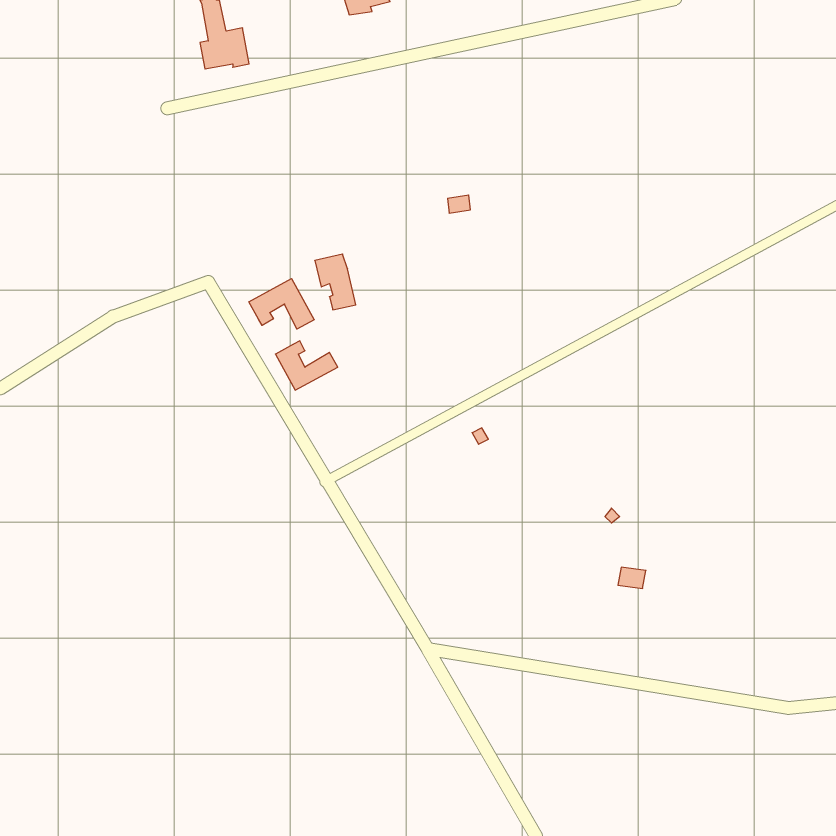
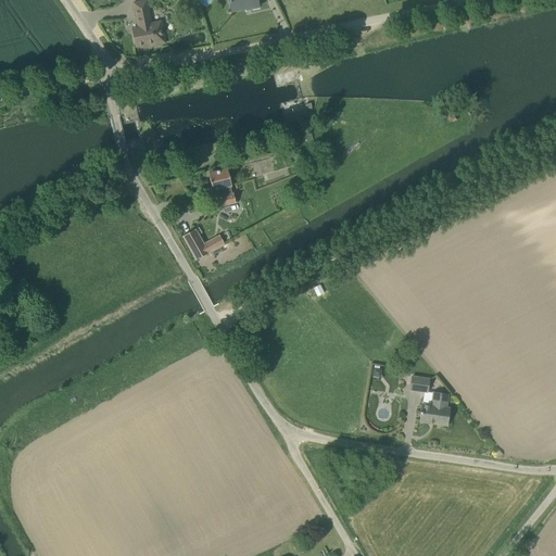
building: [249,279,314,329] -> none
building: none -> [420,390,450,424]

